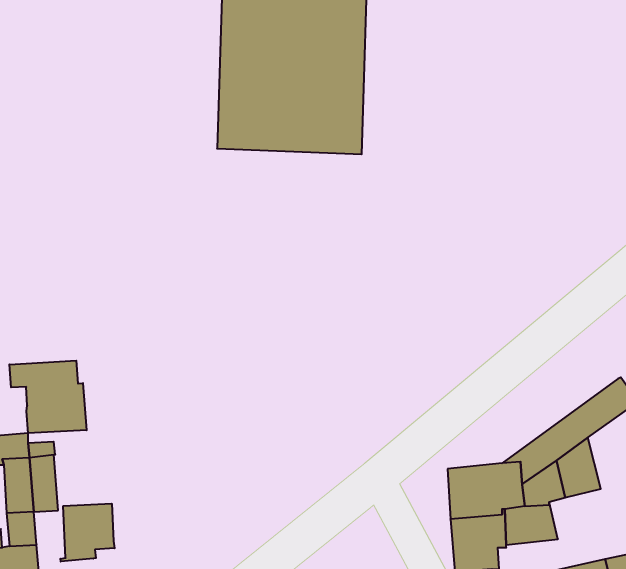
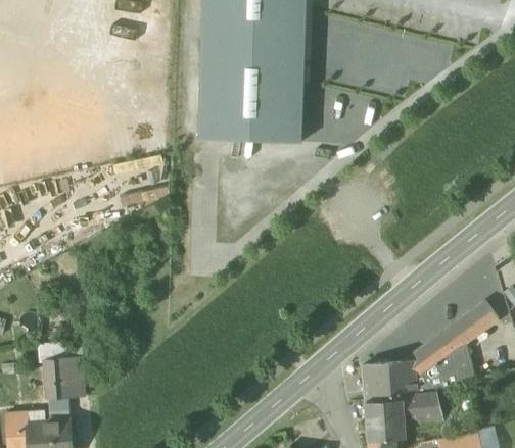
building: [9,361,87,433] -> none
building: [60,504,115,562] -> none

